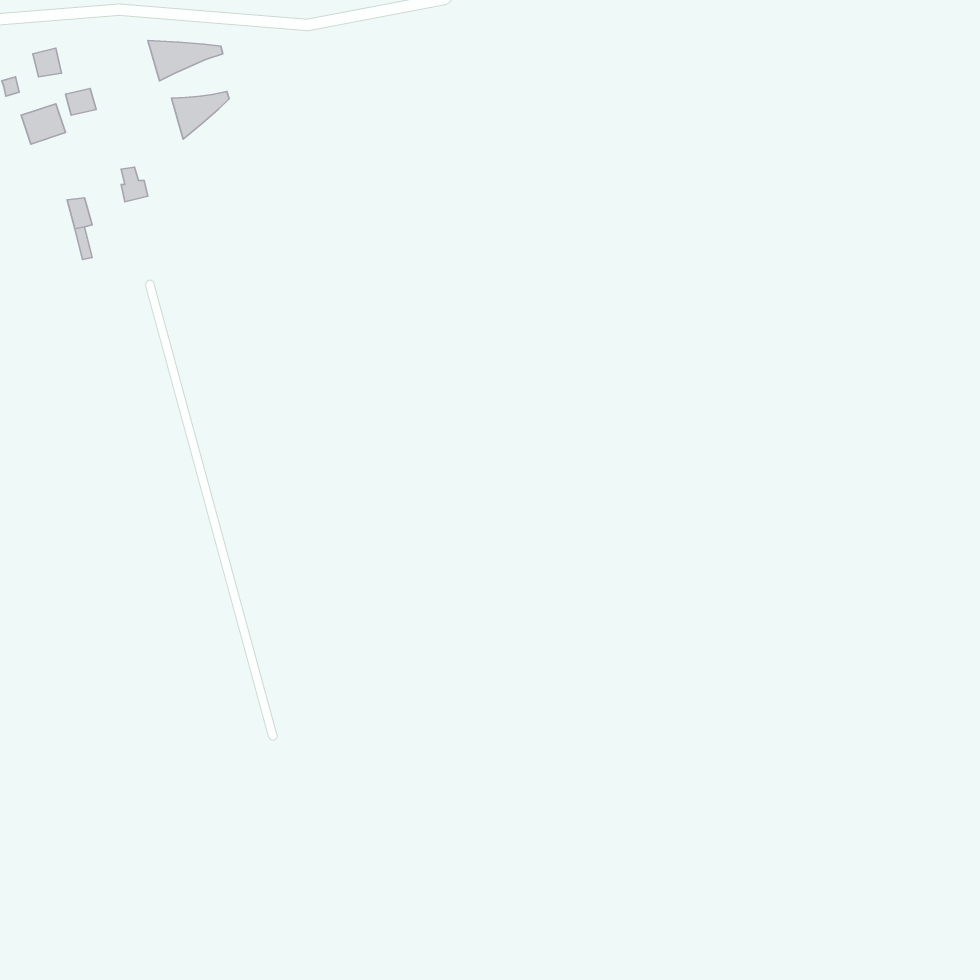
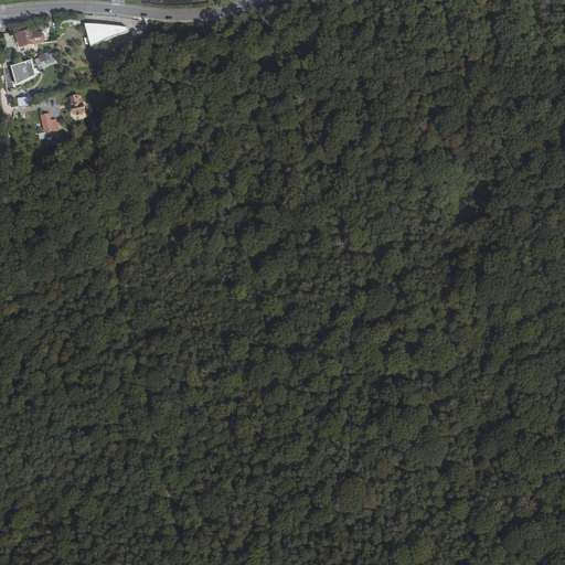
building: [171,91,229,139] -> none

